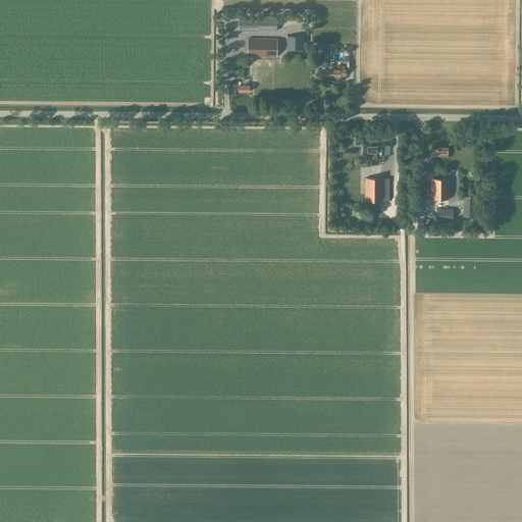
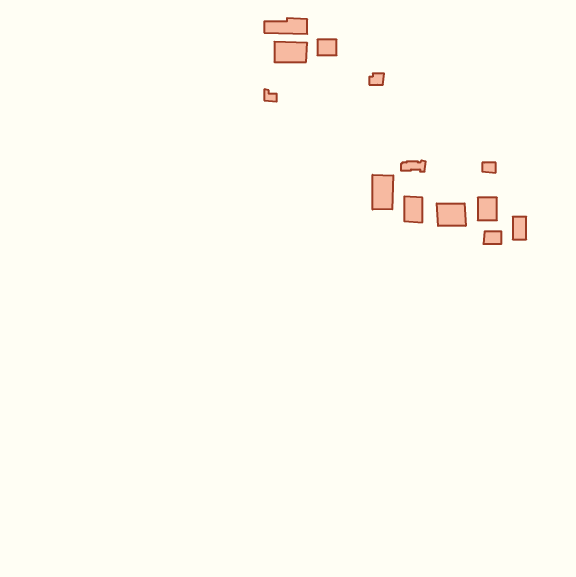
building: none -> [373,175,393,210]
building: none -> [437,203,466,226]

